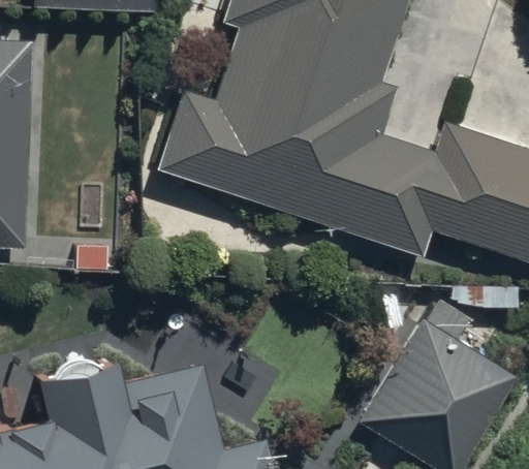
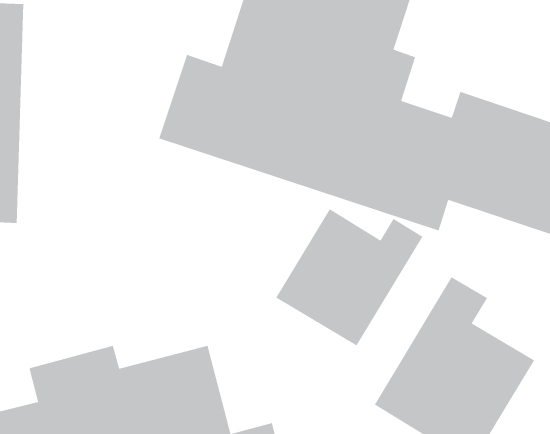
building: none -> [275,208,423,347]

